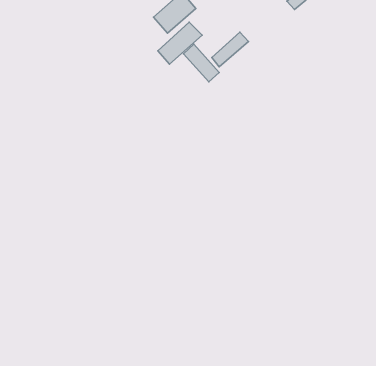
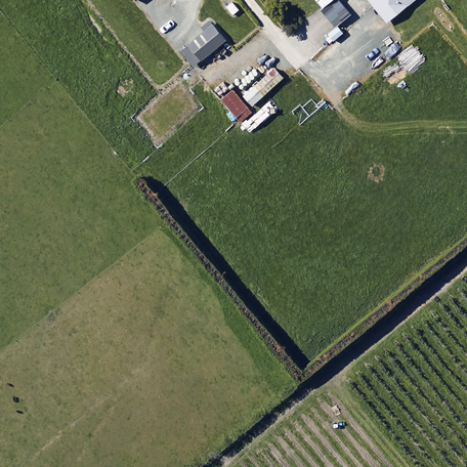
building: [158,22,202,64] -> none

